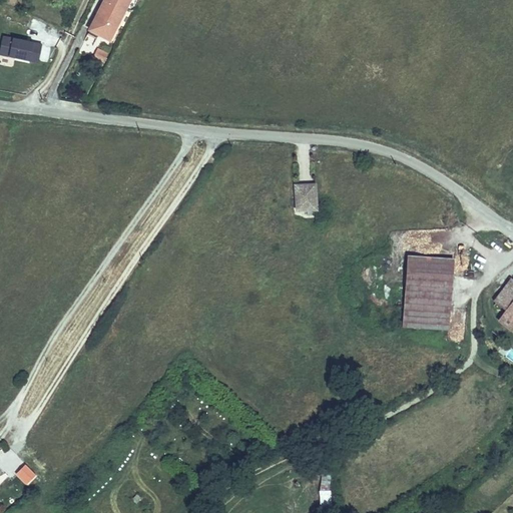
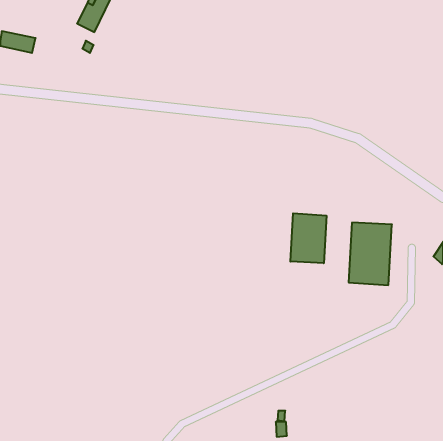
building: [293,182,317,211] -> none
building: none -> [290,213,326,263]

